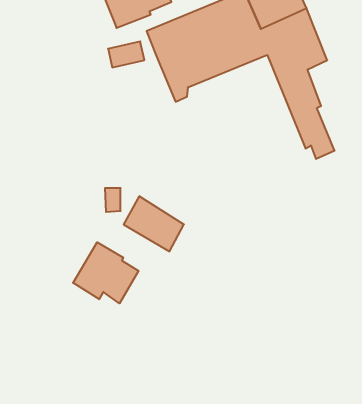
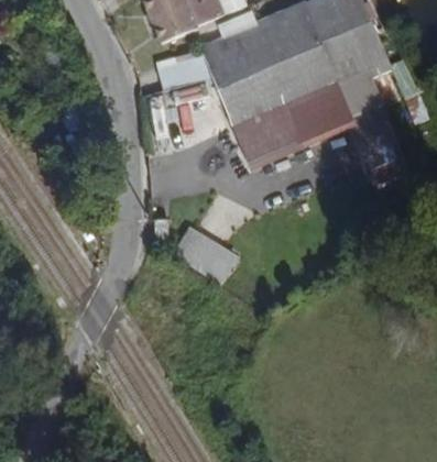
building: none -> [230,68,350,164]
building: [73,242,138,303] -> none

